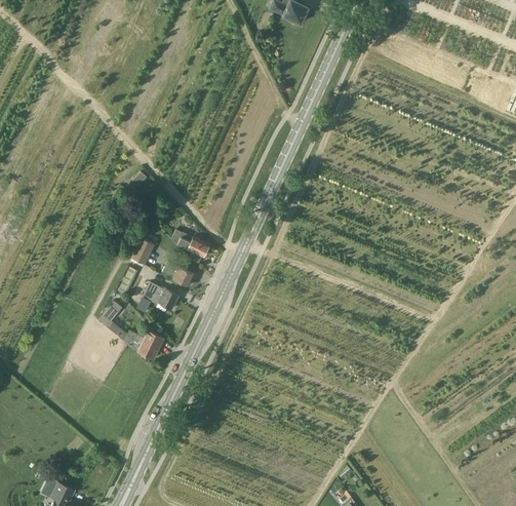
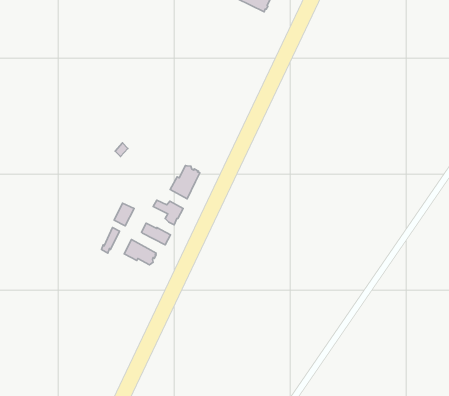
building: none -> [170,166,200,199]
building: [98,301,163,359] -> none

